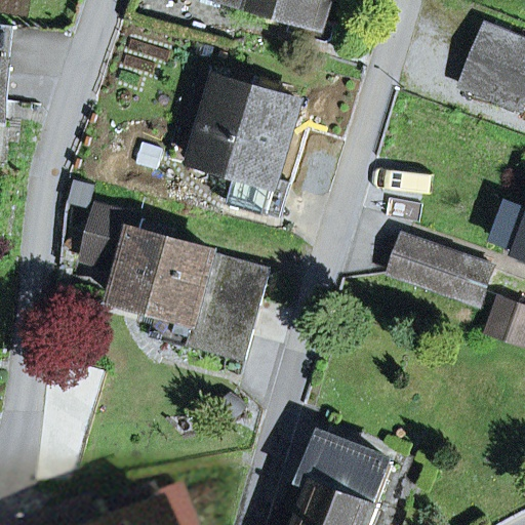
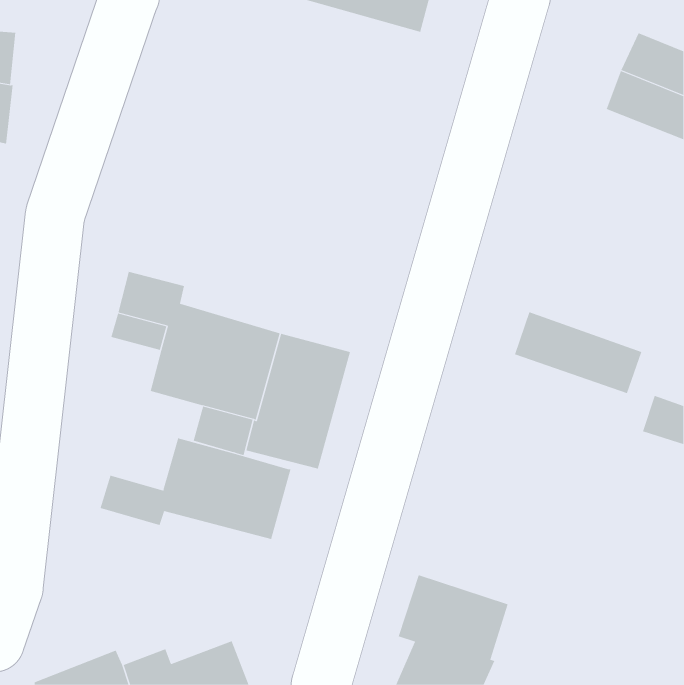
building: [193,73,297,216] -> none
building: none -> [100,438,291,540]

